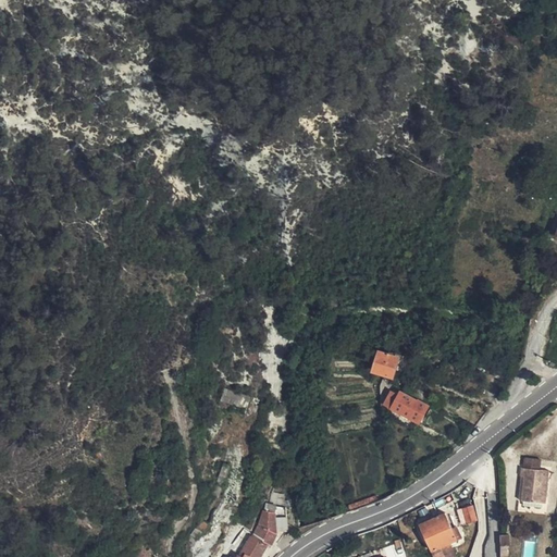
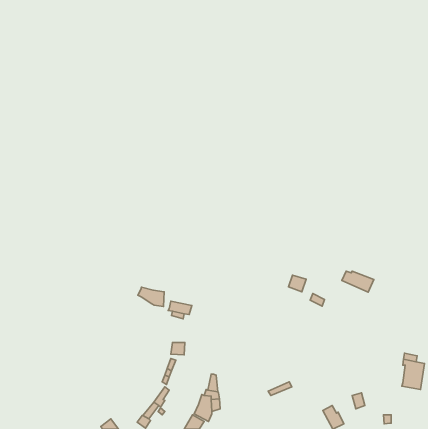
building: none -> [138,287,164,307]
building: [382,391,423,418] -> [342,271,374,292]
building: [418,516,460,548] -> none

